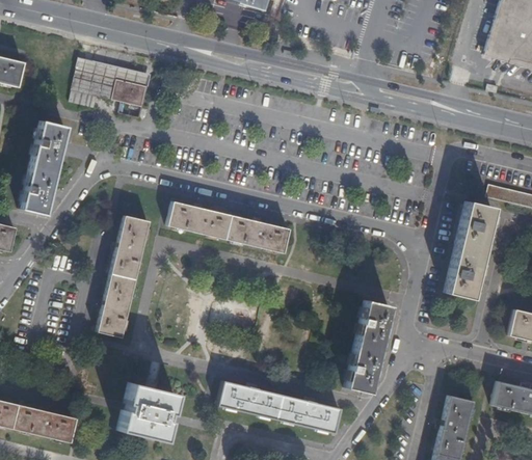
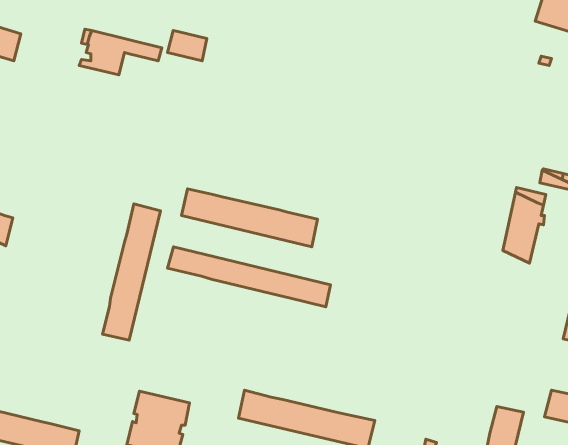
building: [111,80,147,107] -> [167,30,207,61]
building: [21,121,65,214] -> none
building: none -> [168,247,331,307]
building: [446,256,480,299] -> none
building: [345,300,391,393] -> none

